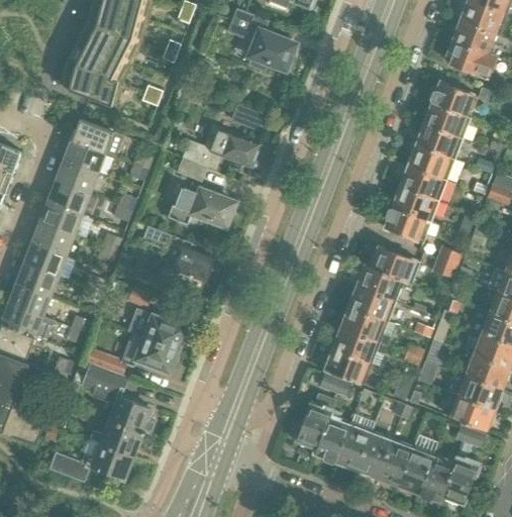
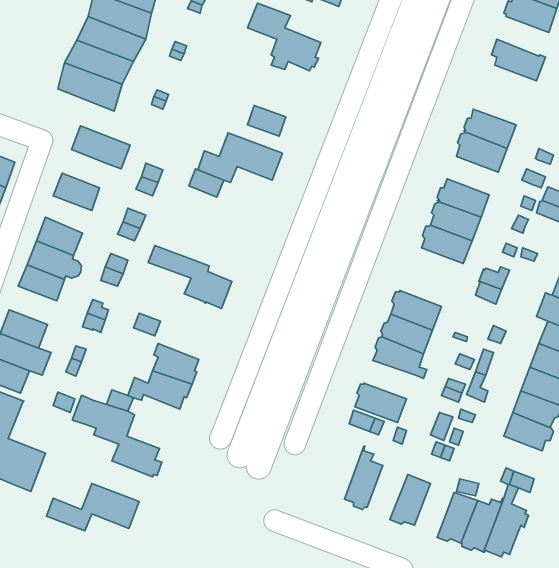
building: [446,21,498,57] -> none
building: [429,82,477,118] -> none
building: [63,140,104,175] -> none
building: [406,146,452,181] -> none
building: [47,182,89,215] -> none
building: [167,186,233,226] -> none
building: [365,246,419,284] -> none
building: [15,263,58,297] -> none
building: [331,329,386,364] -> none
building: [296,393,334,453] -> none
building: [449,397,492,430] -> none
building: [335,415,375,472] -> none
building: [89,419,143,455] -> none
building: [378,439,413,488] -> none

